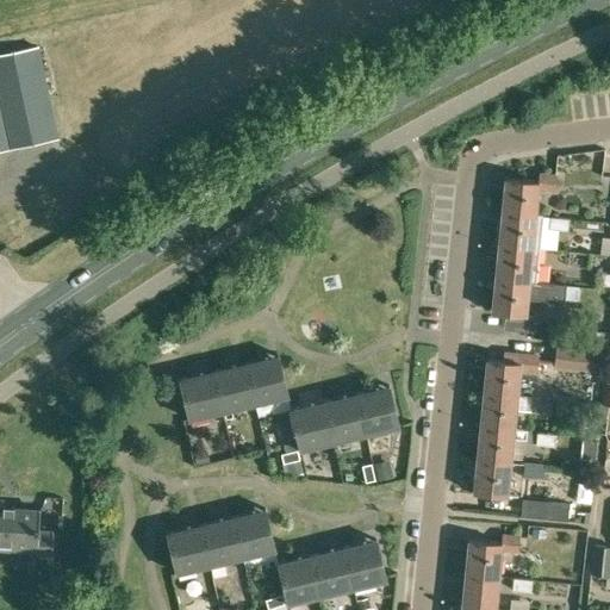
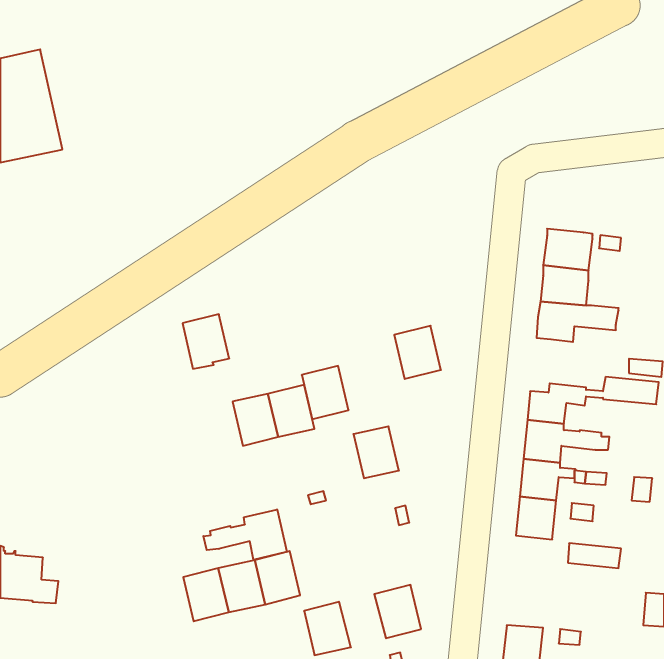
building: [502,176,556,218] -> none
building: [180,373,223,423] -> [183,314,229,369]
building: [356,387,399,436] -> [394,326,441,379]
building: [291,403,334,452] -> [302,366,349,419]
building: none -> [203,509,287,560]
building: [465,540,519,580] -> none
building: [311,549,354,598] -> none

